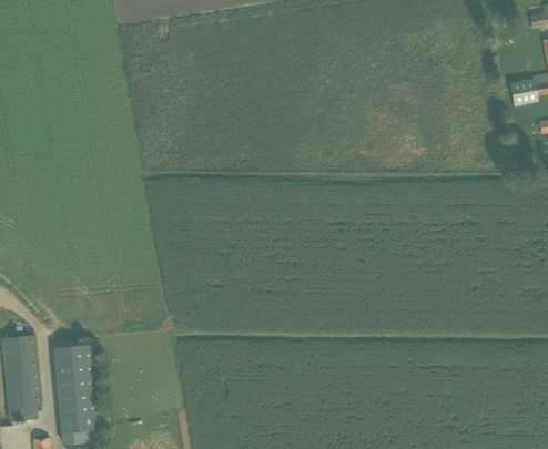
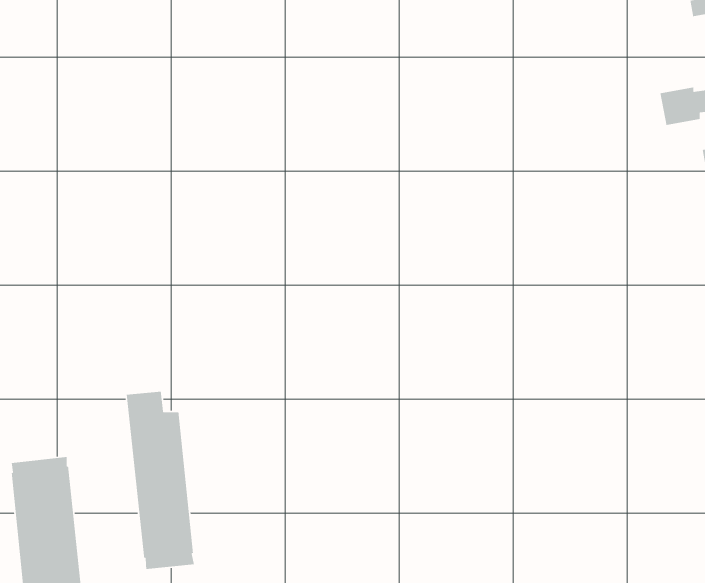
building: none -> [126,391,195,570]

